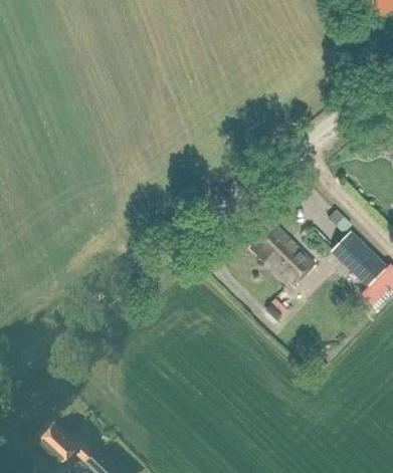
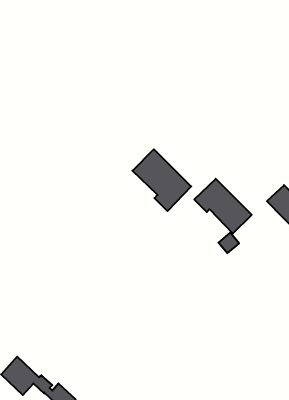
building: none -> [132,149,191,211]

